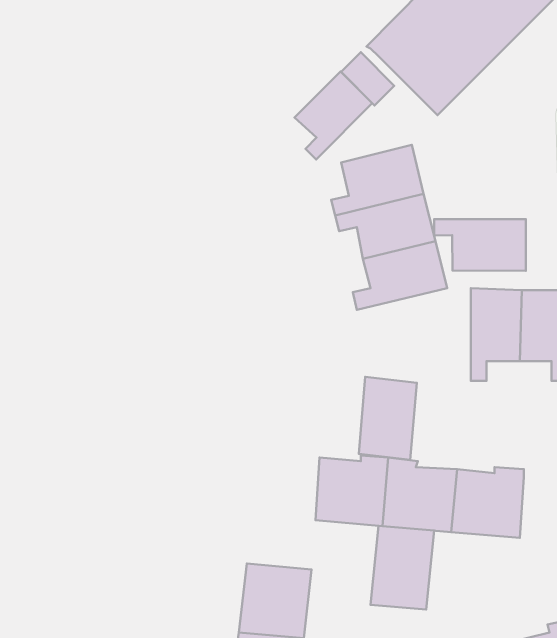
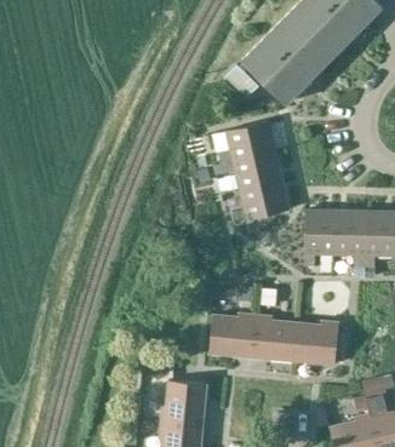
building: [295,72,372,159] -> none
building: [434,219,526,271] -> none
building: [359,377,417,460] -> none
building: [371,526,434,609] -> none

